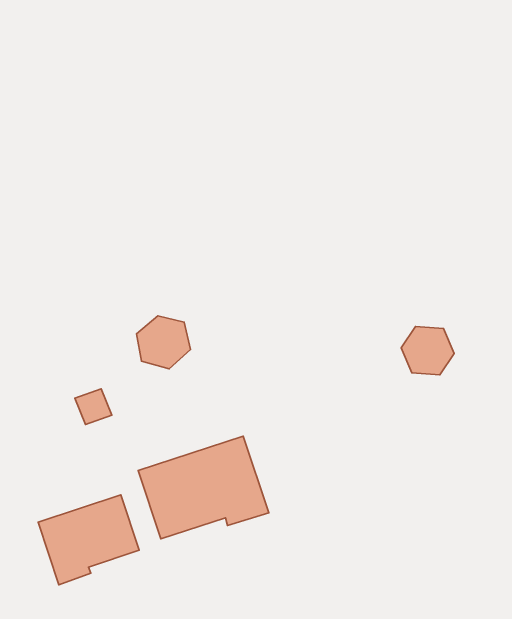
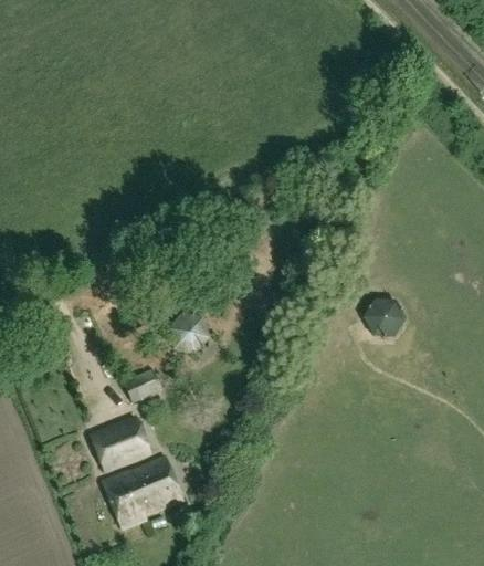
building: [138,436,269,539] -> none
building: none -> [90,415,148,469]

